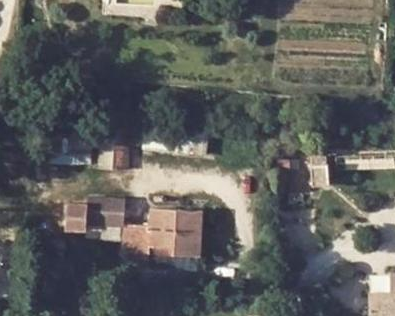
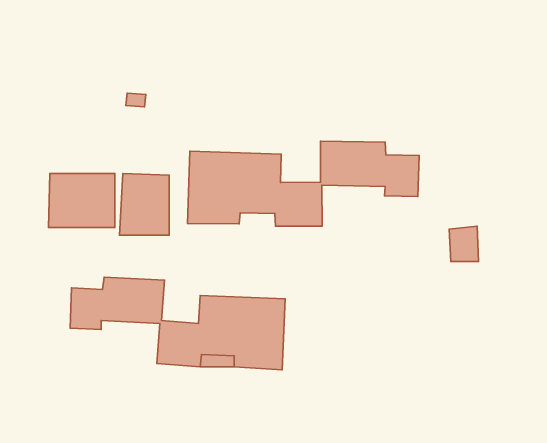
building: none -> [188,141,419,226]

